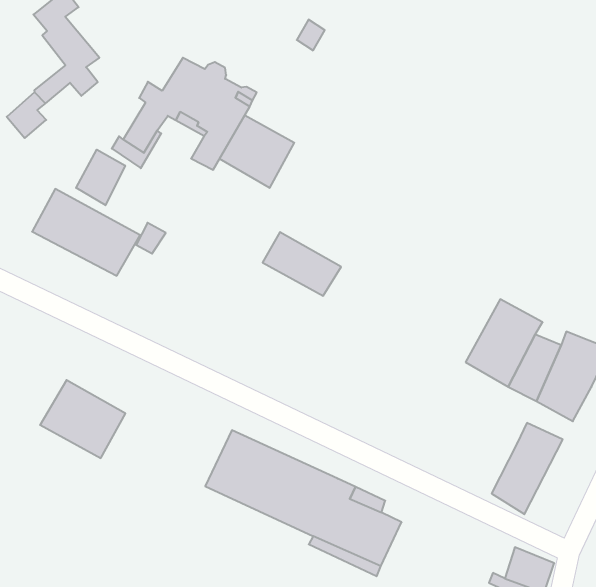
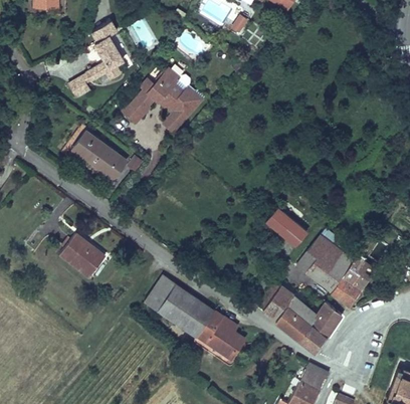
building: [220,115,294,188] -> none
building: [76,150,125,205] -> none
building: [263,232,341,296] -> [263,202,305,240]
building: none -> [259,279,317,333]

